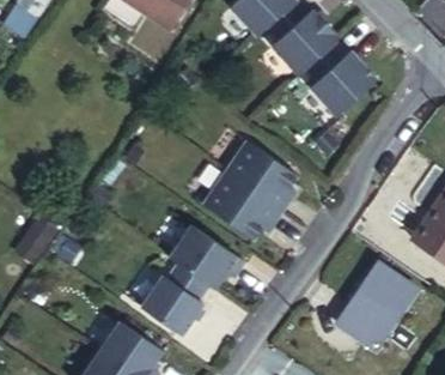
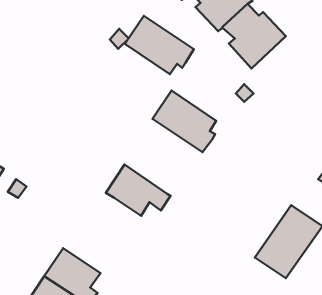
building: [199,170,278,237] -> [125,16,194,74]
building: [139,261,207,333] -> none

